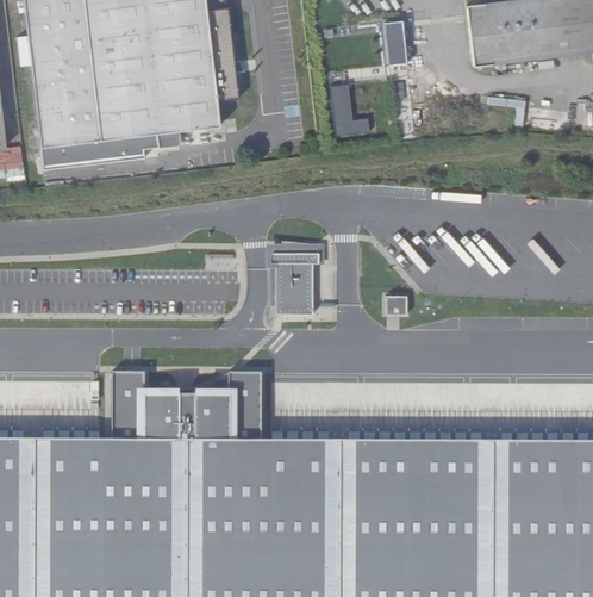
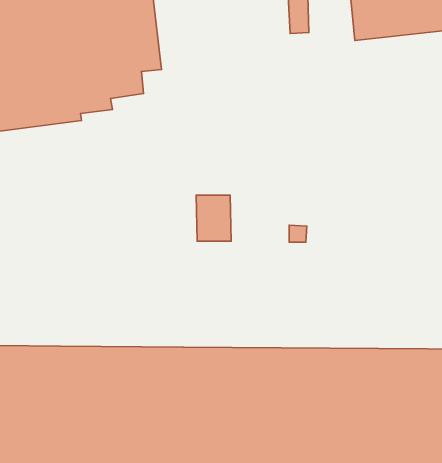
building: [330,86,369,138] -> none
building: [111,368,260,439] -> none

